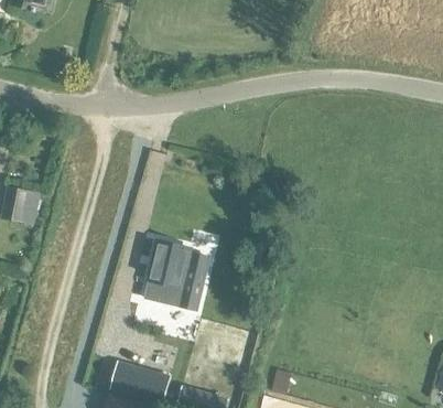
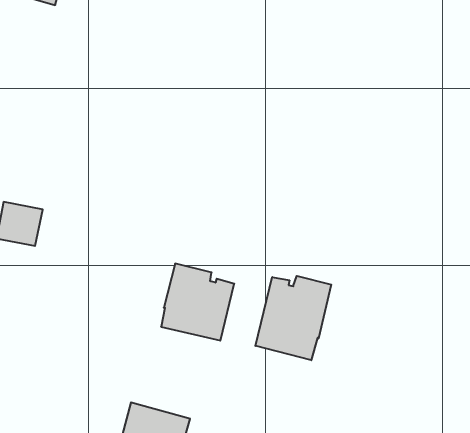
building: none -> [255,276,331,360]

